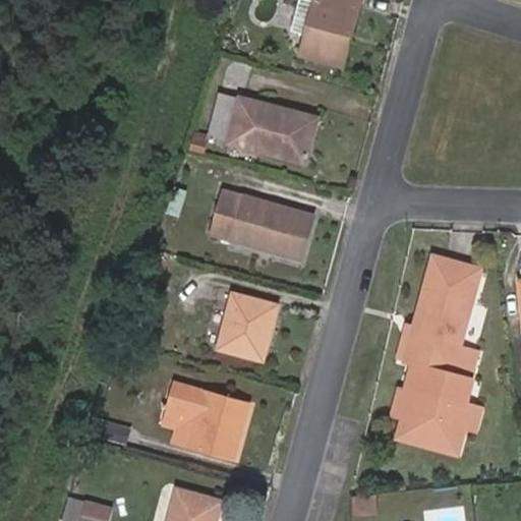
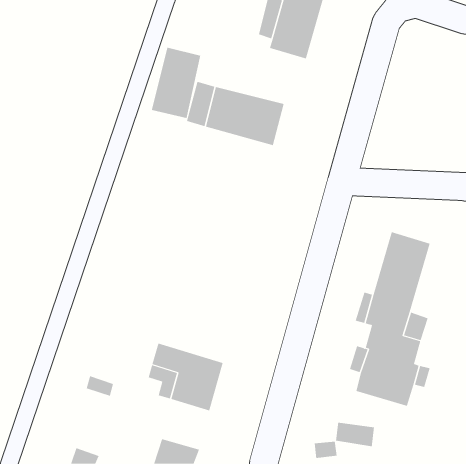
building: none -> [151,47,201,119]
building: [211,190,311,257] -> none
building: [220,294,279,359] -> none
building: none -> [336,422,375,447]

